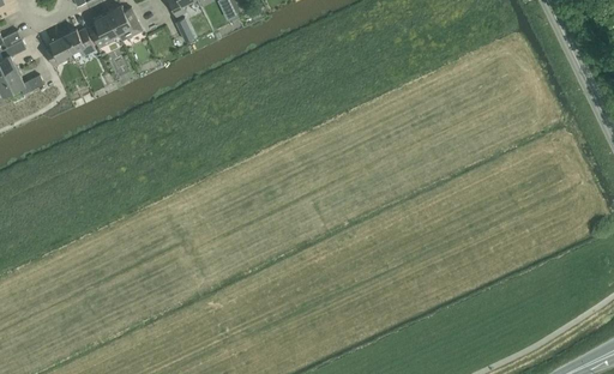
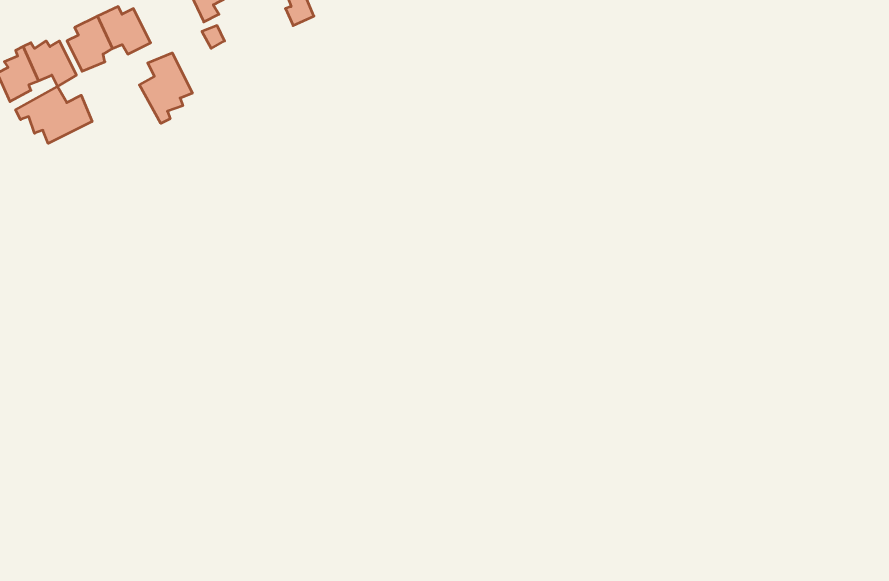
building: none -> [139,53,192,123]
building: none -> [16,86,92,143]

